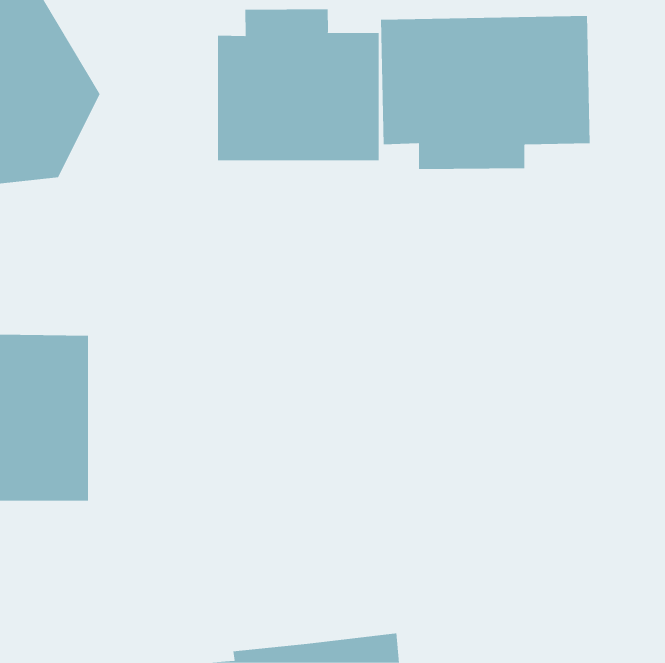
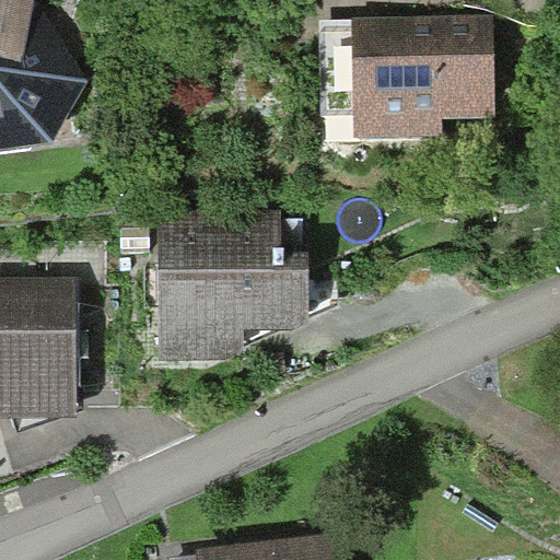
building: [217,9,379,161] -> none
building: none -> [158,213,307,365]

